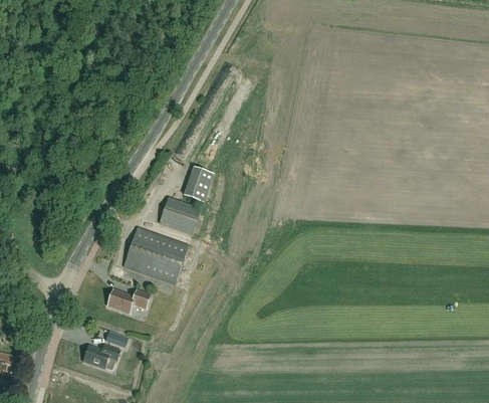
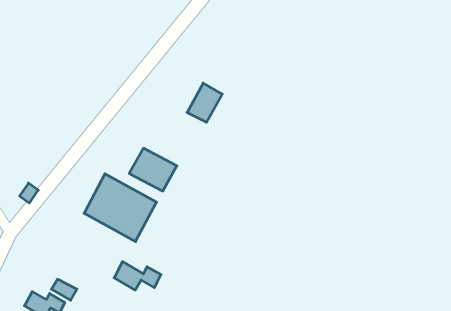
building: [184,166,213,201] -> [187,83,222,122]
building: [107,288,150,313] -> [114,262,161,290]

